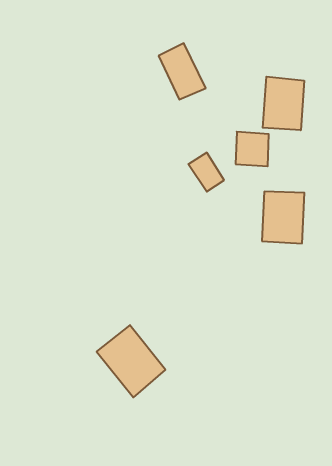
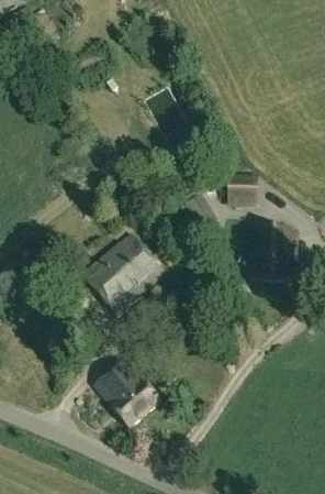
building: [263,77,304,130] -> none
building: none -> [80,230,166,315]

